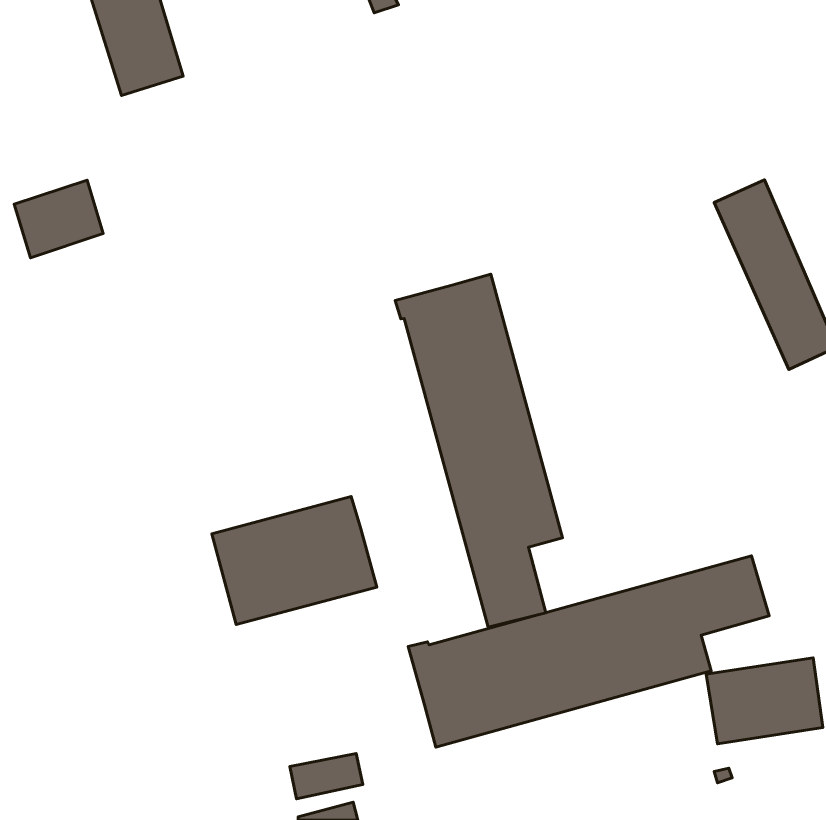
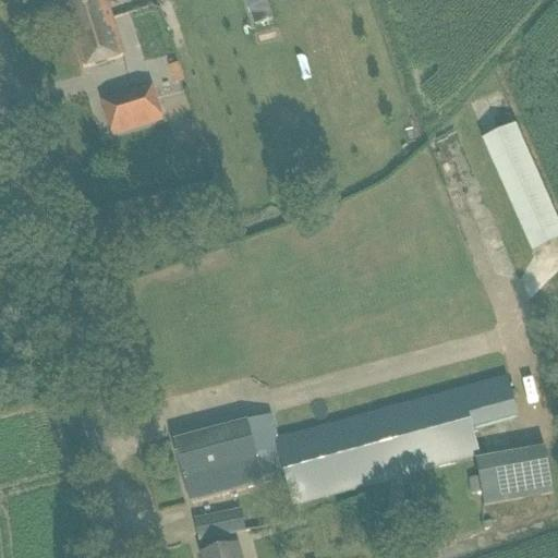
building: [14,180,103,258] -> [102,80,162,132]
building: [395,274,562,627] -> none
building: [212,497,377,625] -> [175,413,287,499]

